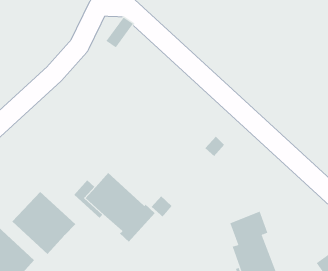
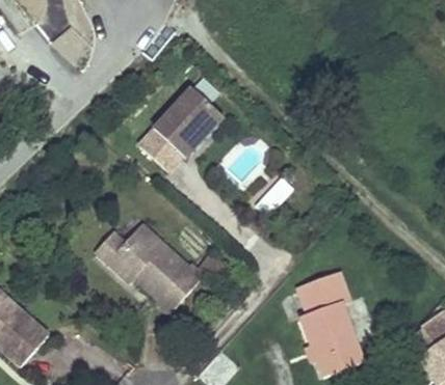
building: none -> [138,86,222,170]
building: [12,191,76,255] -> none

